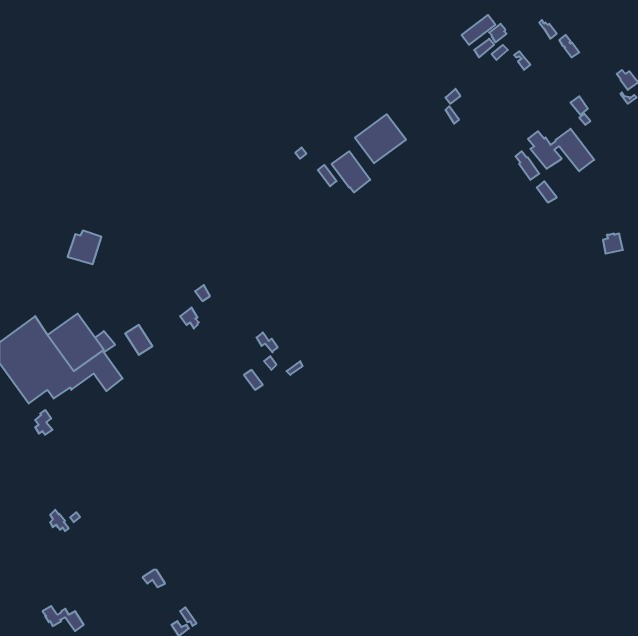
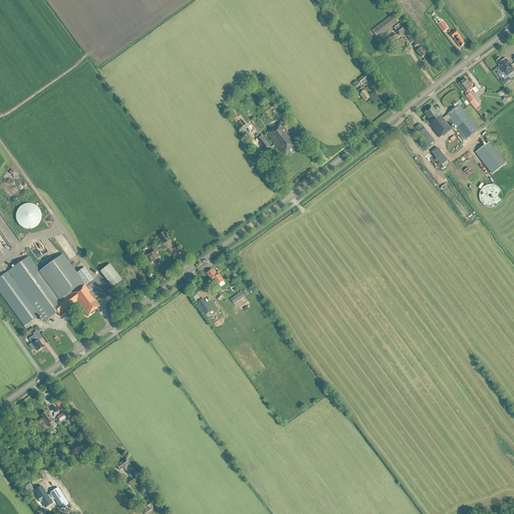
building: [355,114,406,163] -> none
building: none -> [475,141,505,173]
building: [68,231,101,264] -> [15,201,42,228]

